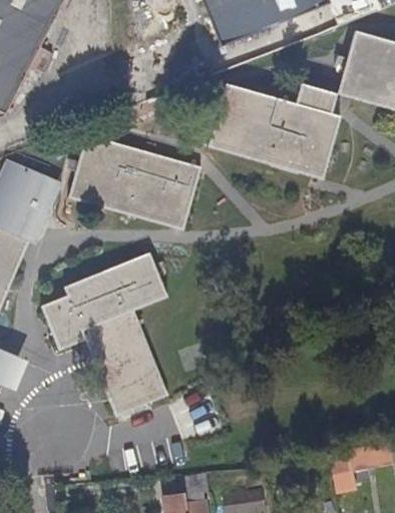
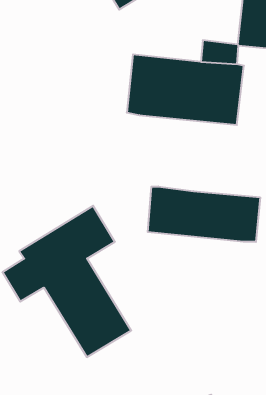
building: [64,136,204,237] -> none
building: none -> [148,186,260,242]

